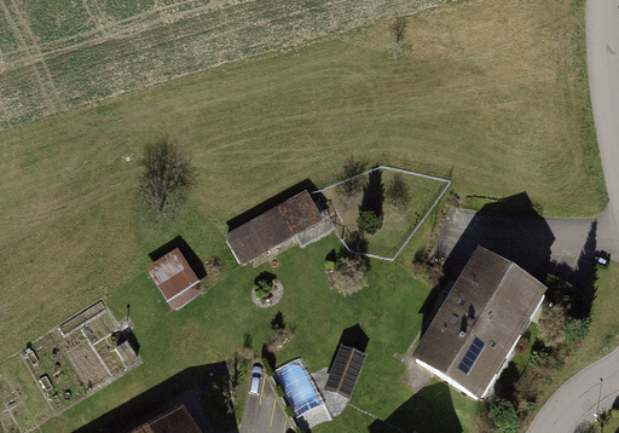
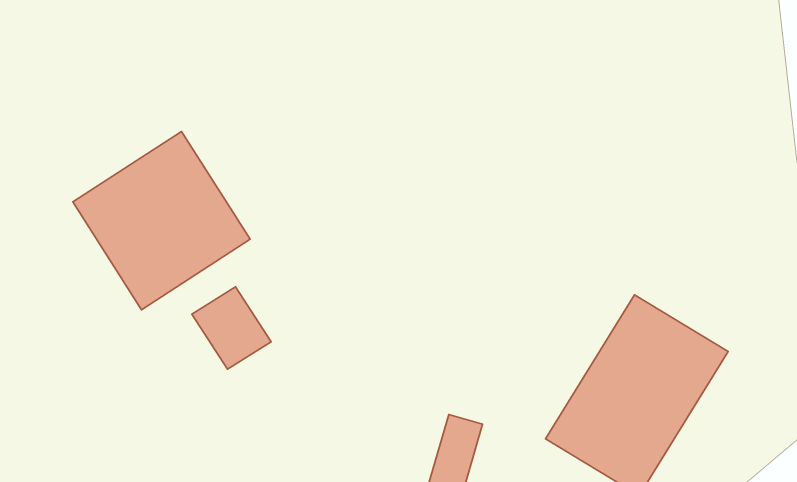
building: none -> [73,132,250,310]
building: [221,191,322,258] -> none

